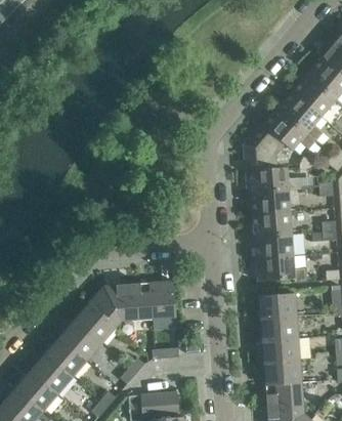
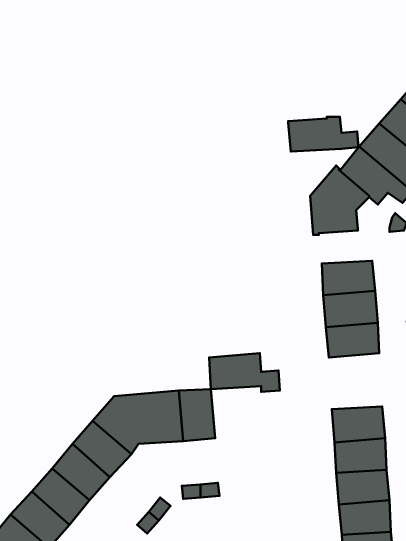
building: [250,168,300,193] -> [288,117,359,152]
building: [257,256,307,284] -> [209,353,280,392]

